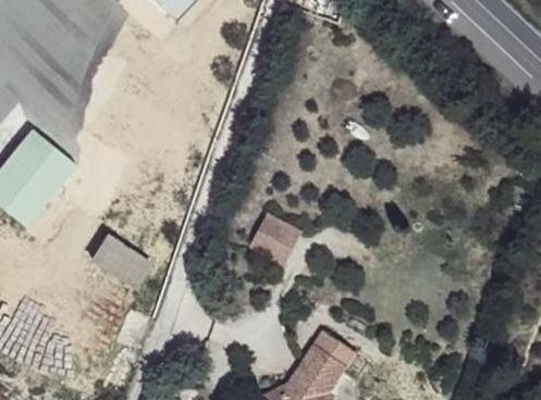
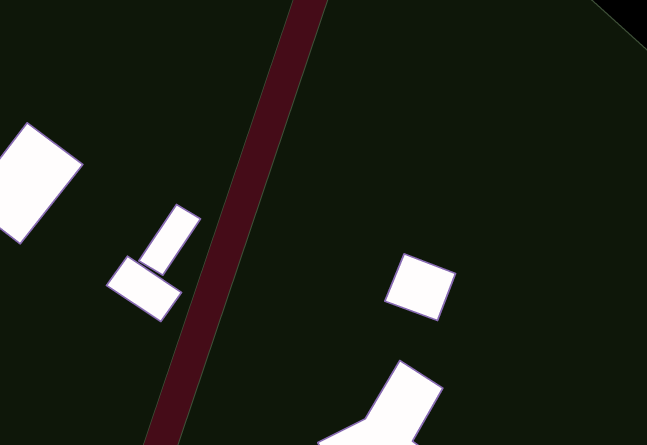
building: none -> [139,204,200,275]
building: [246,209,302,261] -> [385,254,456,321]

